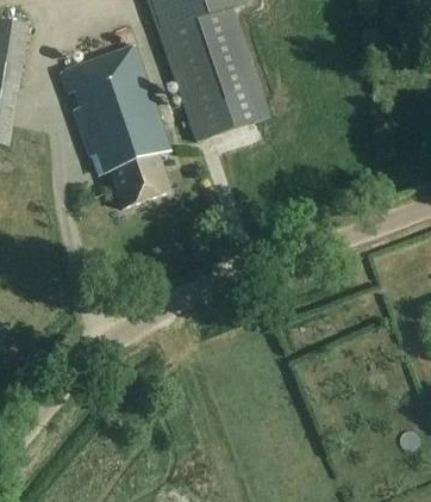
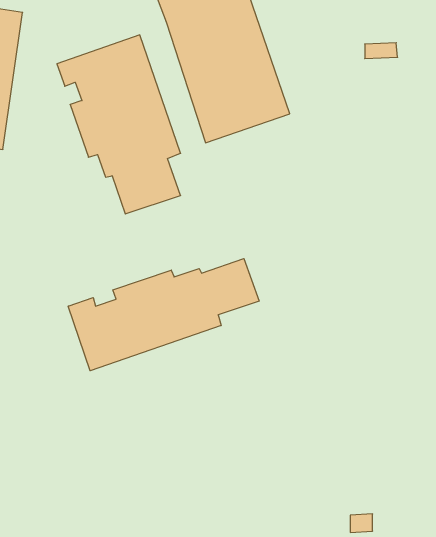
building: none -> [68,259,259,371]

